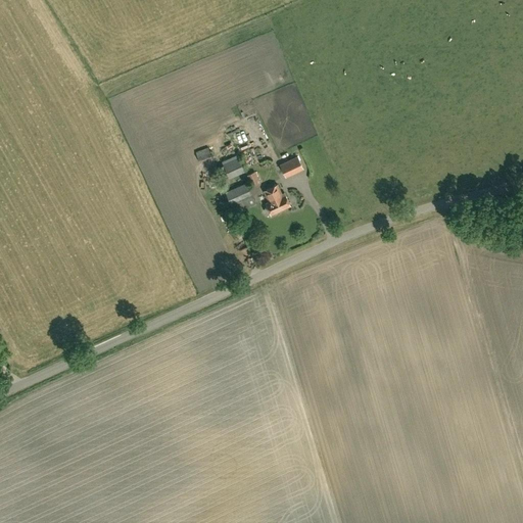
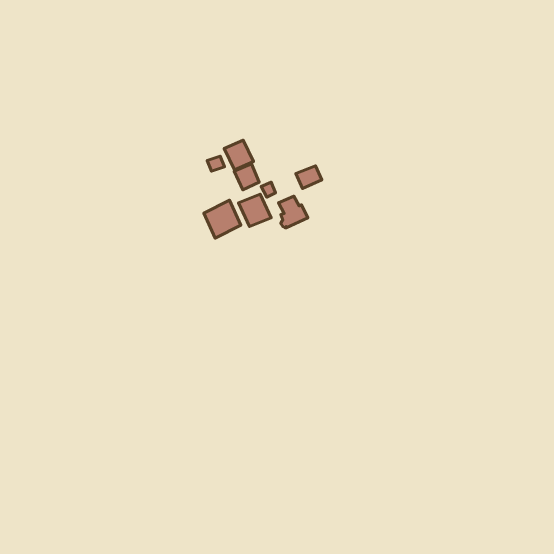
building: none -> [224,140,253,170]
building: none -> [204,200,241,238]

